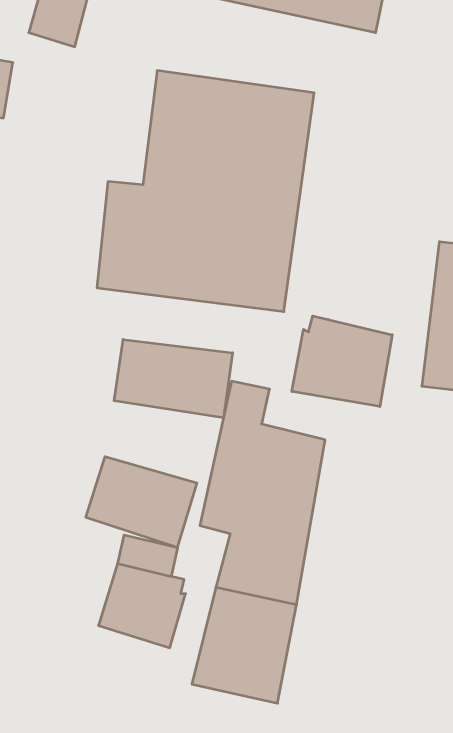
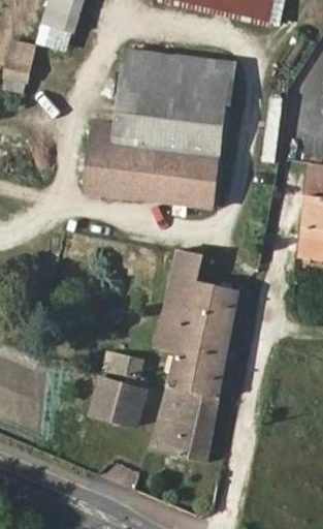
building: [292,316,392,407] -> none
building: [114,339,233,418] -> none
building: [86,457,197,548] -> none

